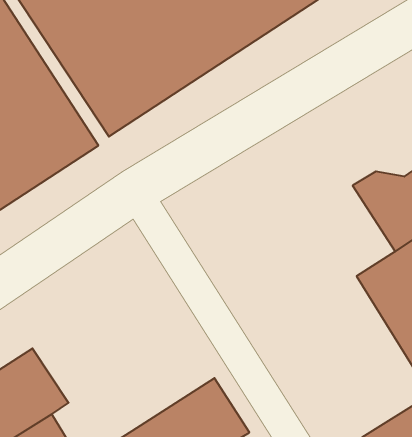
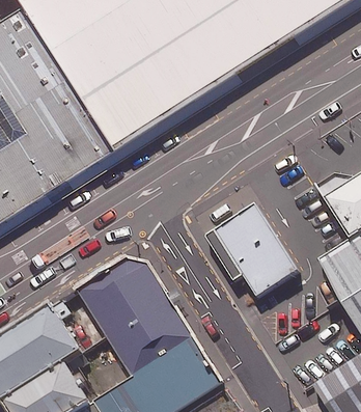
building: none -> [202,203,295,297]
building: none -> [78,257,201,382]

